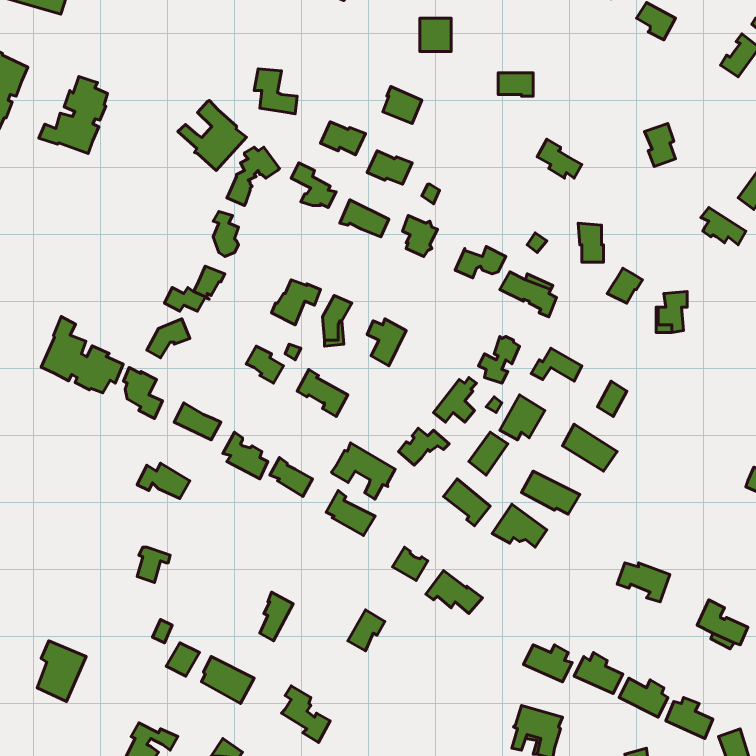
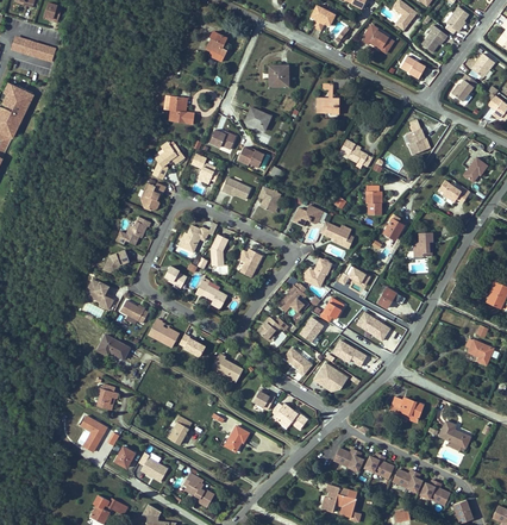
building: [39,77,107,153] -> none
building: [178,100,246,170] -> none
building: [41,316,123,393] -> none
building: [331,443,395,499] -> none
building: [37,641,86,701] -> [76,417,106,454]

